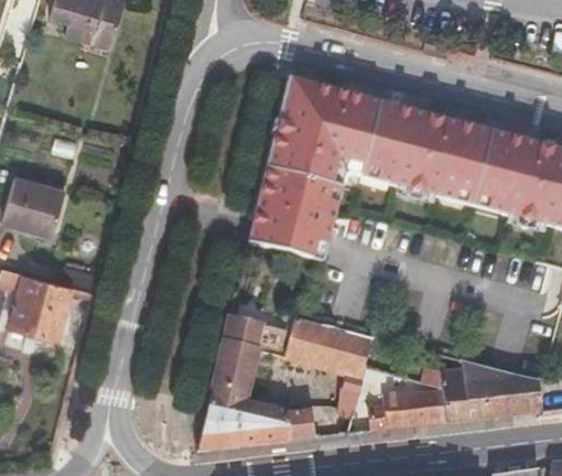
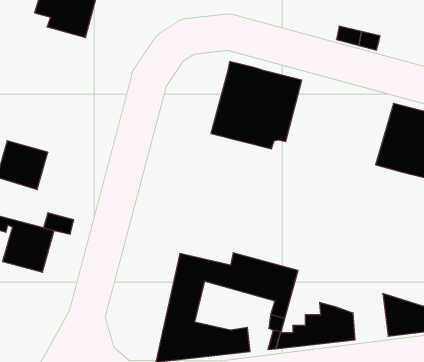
building: [359,101,493,206] -> none
building: [248,167,342,258] -> none
building: [406,360,486,423] -> none

